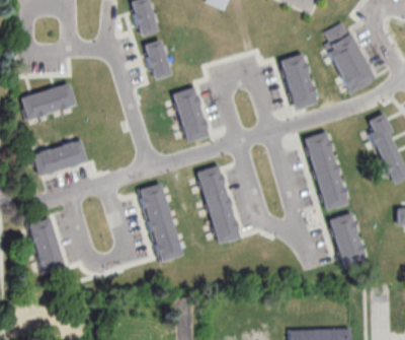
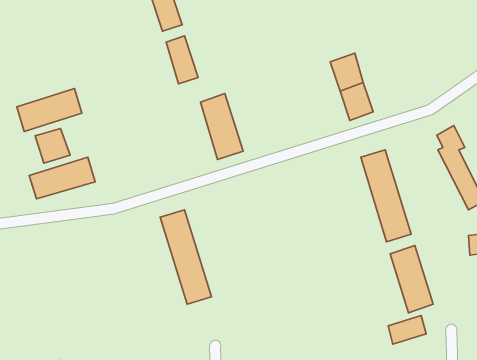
building: [325,22,376,93] -> none
building: none -> [35,129,70,163]
building: [197,166,242,246] -> none
building: [29,219,67,274] -> none
building: none -> [388,316,426,344]

